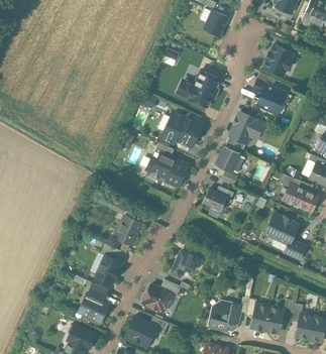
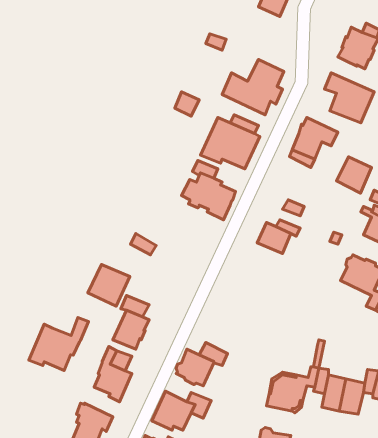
building: [215,147,241,174] -> [336,157,371,193]
building: [113,217,144,248] -> [88,265,130,306]
building: [168,252,203,280] -> none
building: none -> [29,318,88,371]

